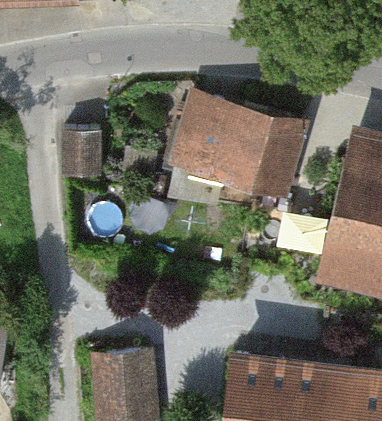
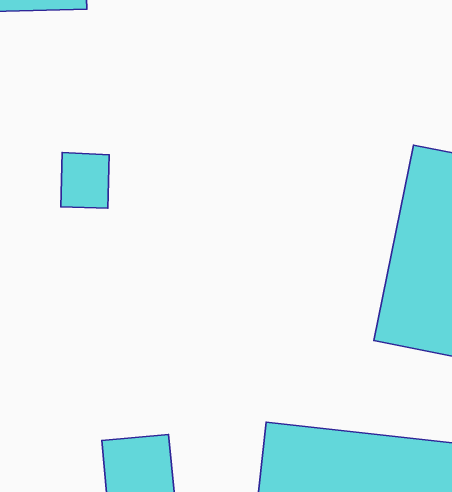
building: [170,90,306,198] -> none

